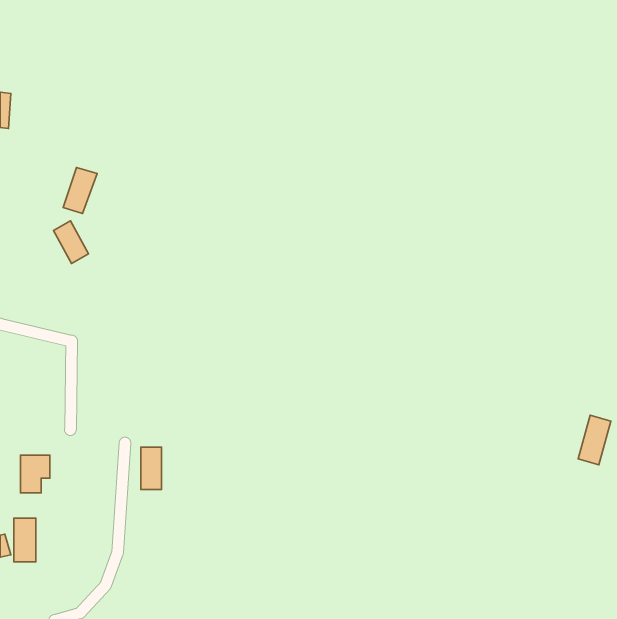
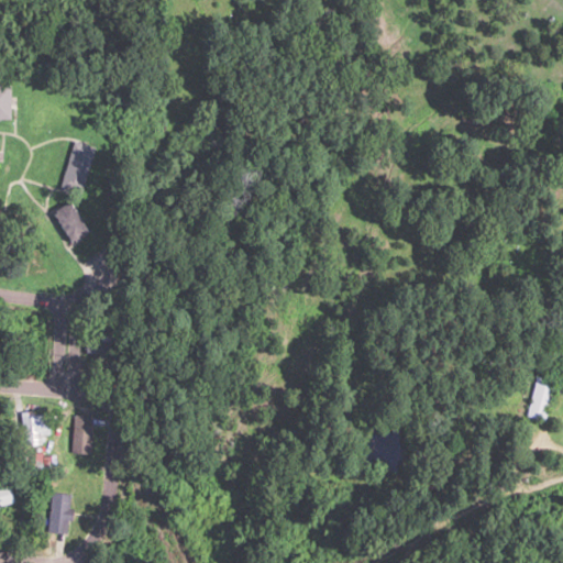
building: [141,447,162,490] -> [73,416,91,454]
building: [14,518,36,562] -> [49,494,69,533]

